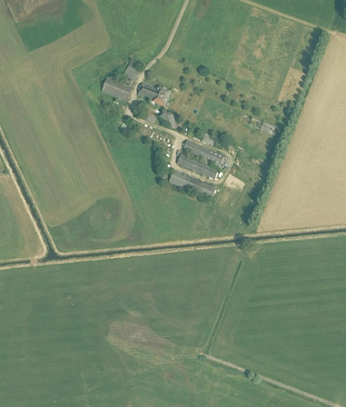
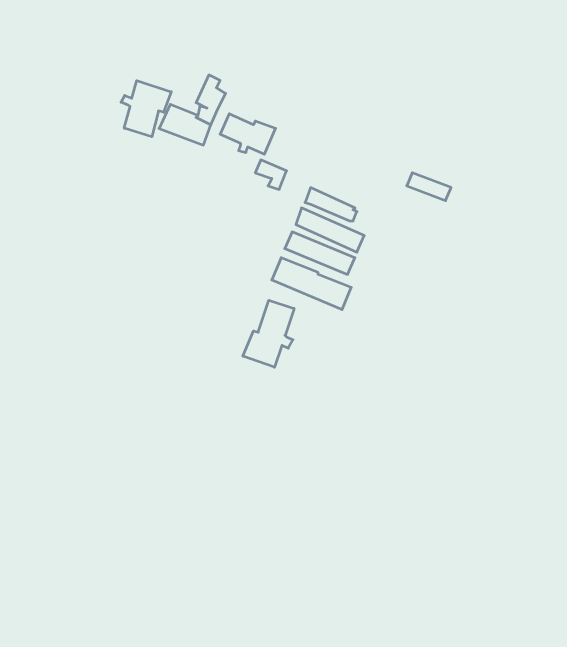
building: none -> [121,81,171,137]
building: none -> [243,300,294,367]

